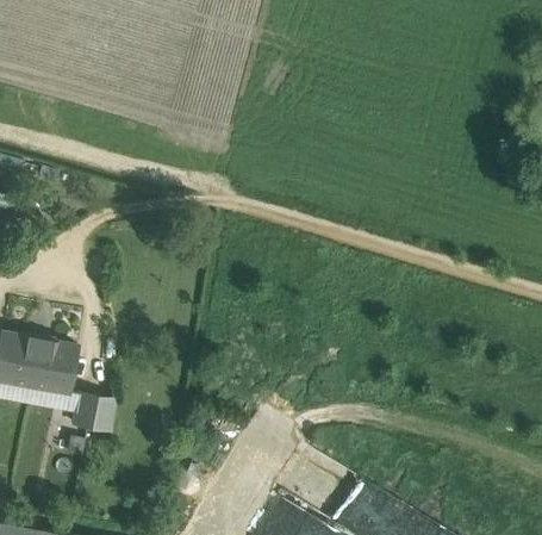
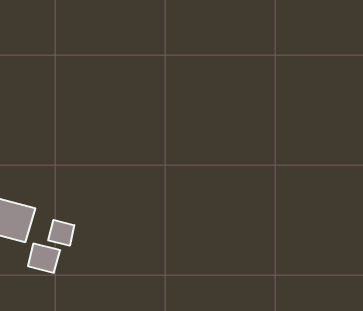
building: none -> [48,220,74,246]

